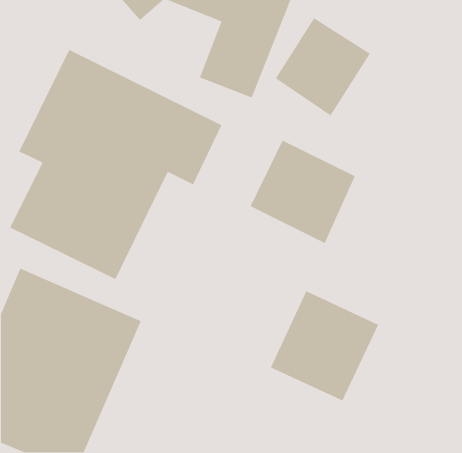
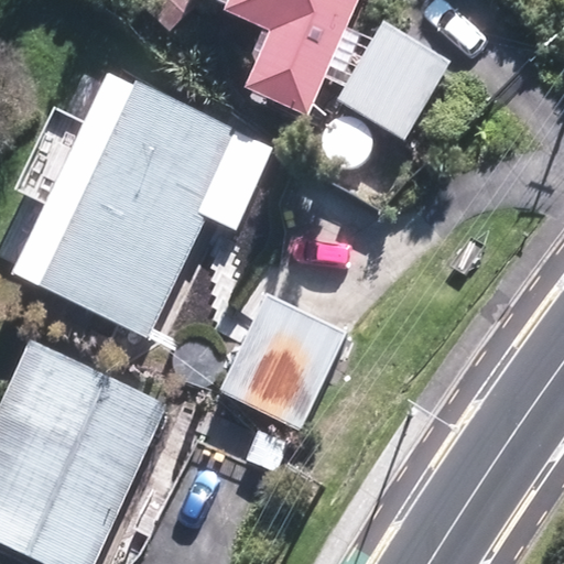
building: [249,140,356,244] -> none
building: [270,290,379,401] -> [219,292,352,427]

